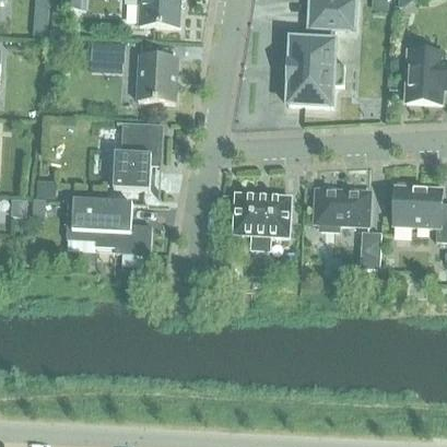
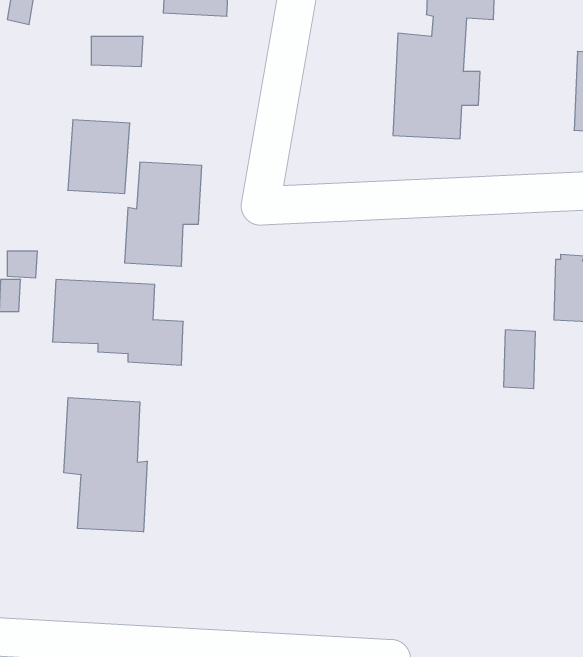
building: [137,54,177,102] -> [68,120,130,194]
building: [314,188,369,228] -> none
building: [233,192,291,249] -> none
building: none -> [64,398,147,532]

